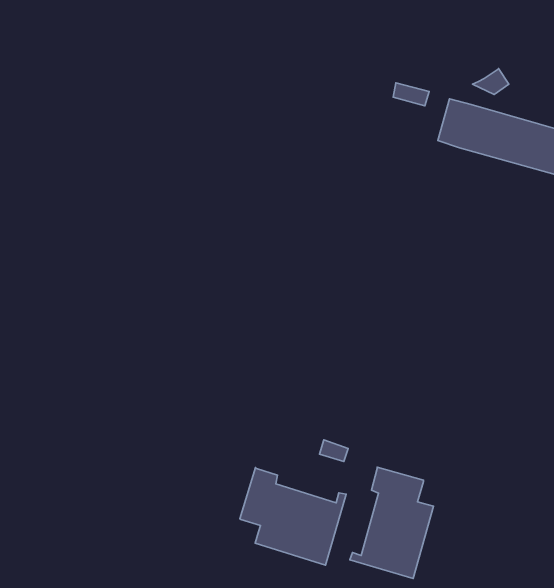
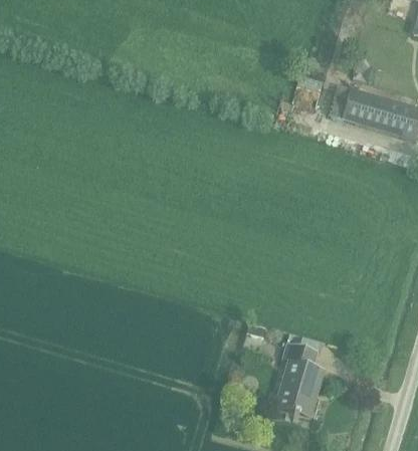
building: [240,468,346,565] -> none

